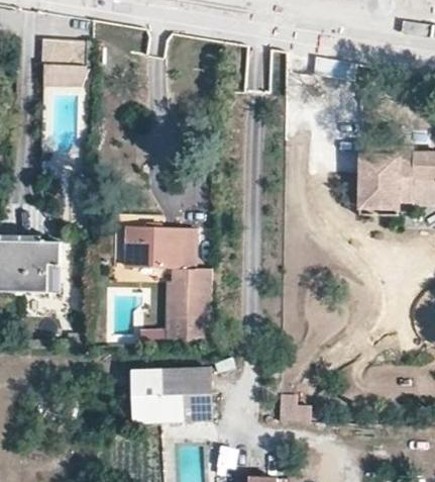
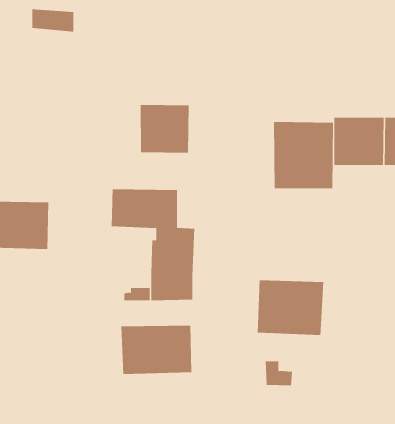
building: none -> [140,104,189,154]
building: none -> [274,121,333,189]
building: none -> [257,280,324,336]

